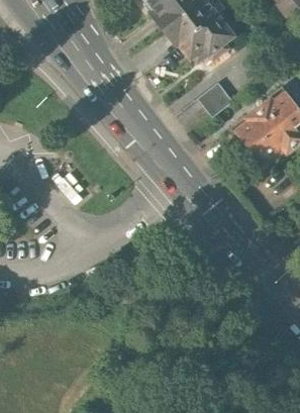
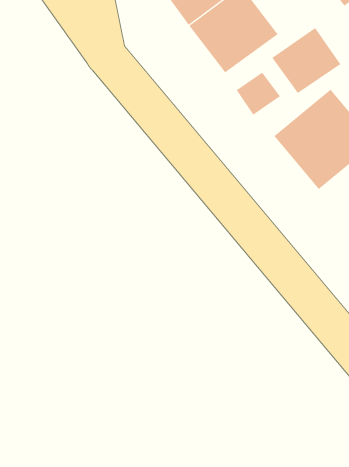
building: none -> [271,27,341,94]

